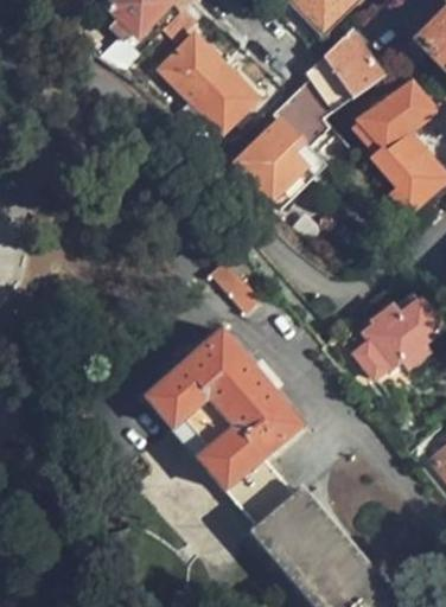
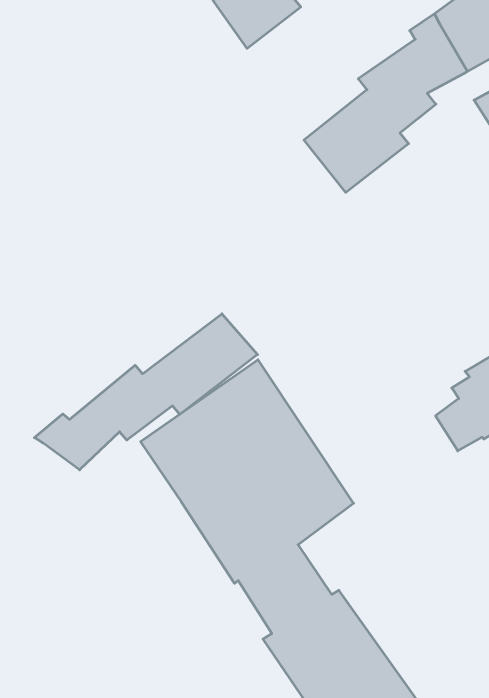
building: [190,68,256,134] -> none
building: [212,255,262,309] -> none
building: none -> [34,314,258,470]

